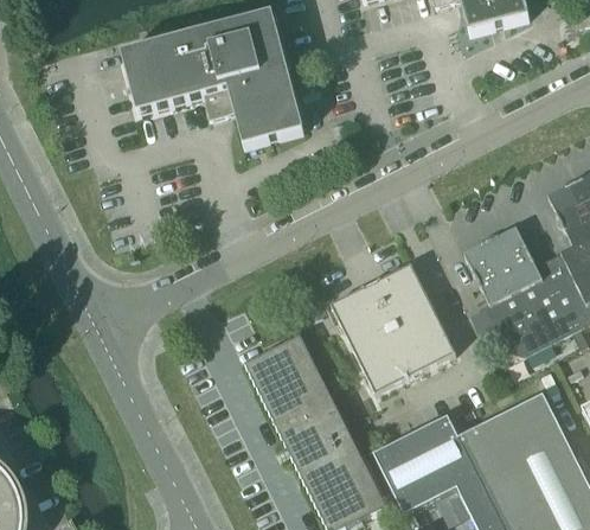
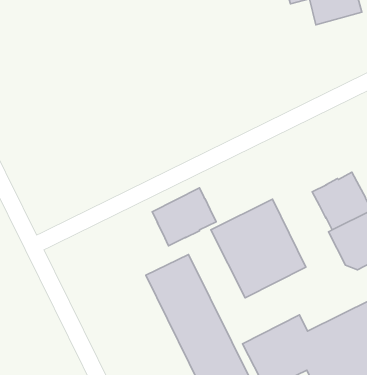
building: [121,13,303,147] -> none
building: none -> [152,188,216,246]

